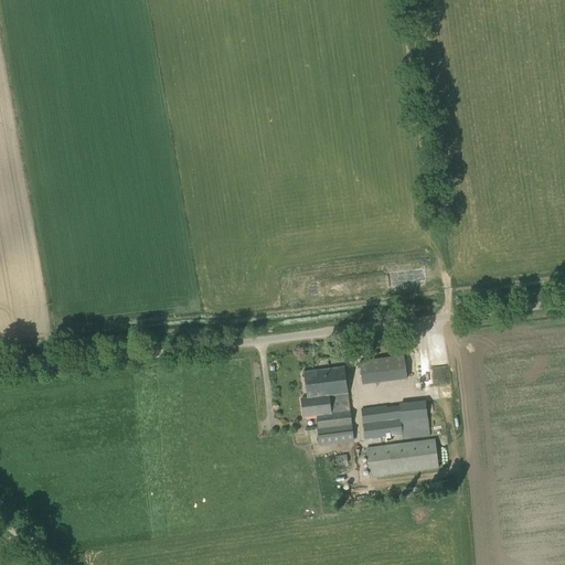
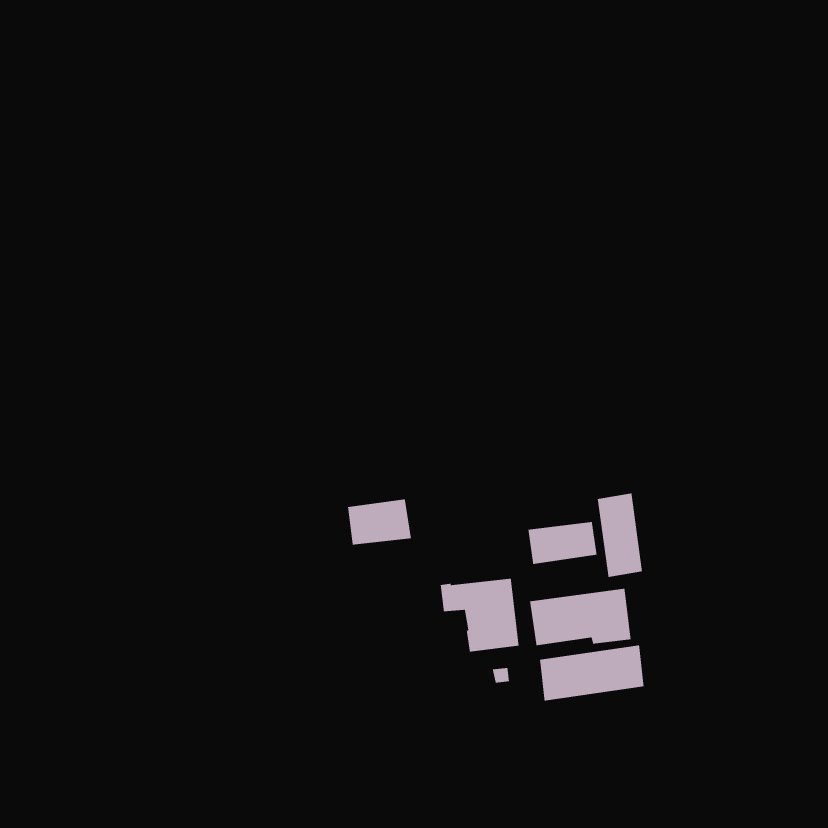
building: none -> [597,493,643,578]
building: [303,365,348,397] -> [347,498,412,545]

